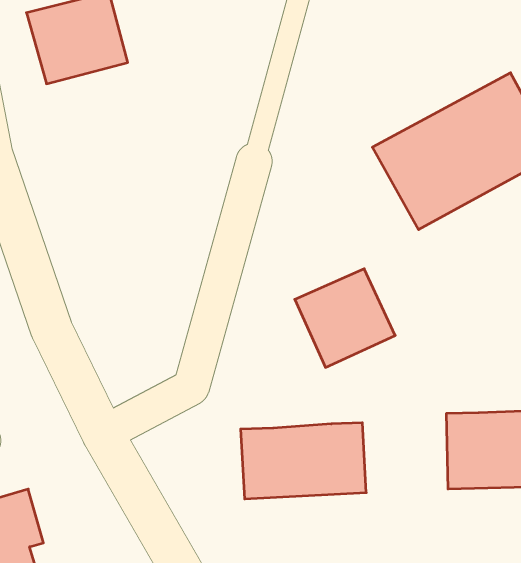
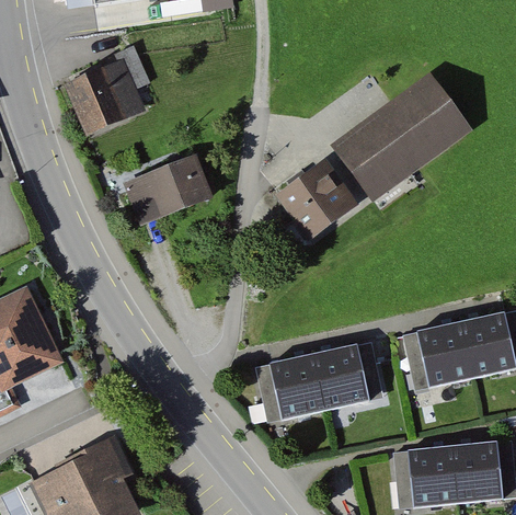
building: none -> [123,157,208,224]
building: [295,269,395,367] -> [277,163,356,241]

